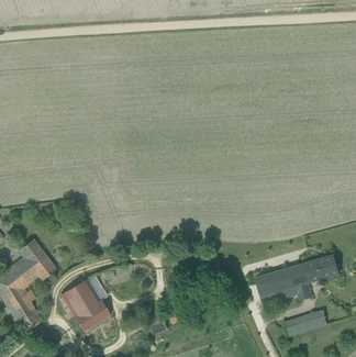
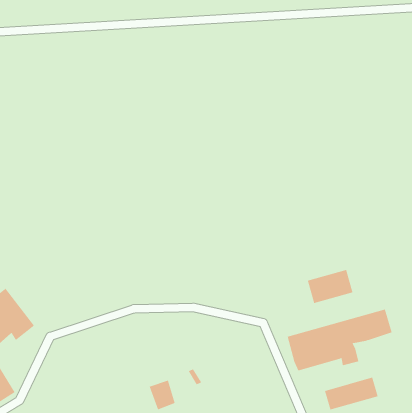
building: none -> [307,269,353,304]
building: [60,278,110,331] -> none

